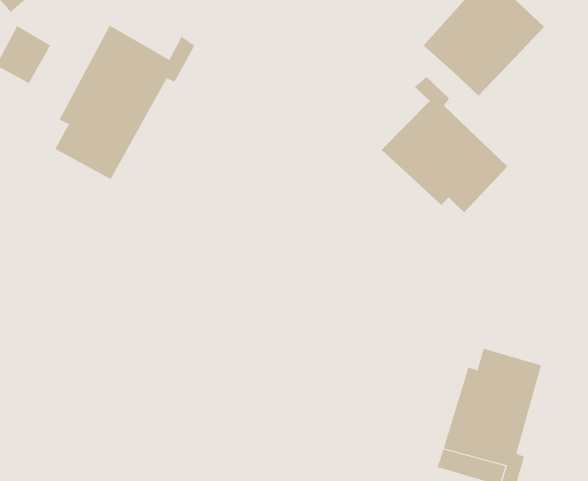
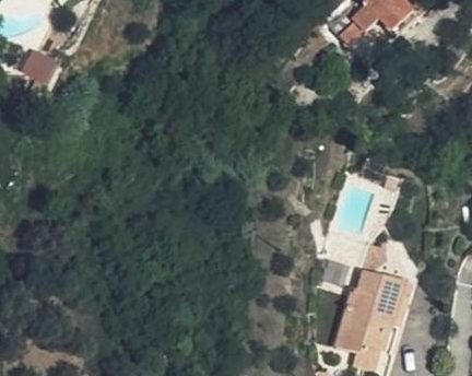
building: [55,25,195,180] -> none
building: [381,76,508,213] -> none

